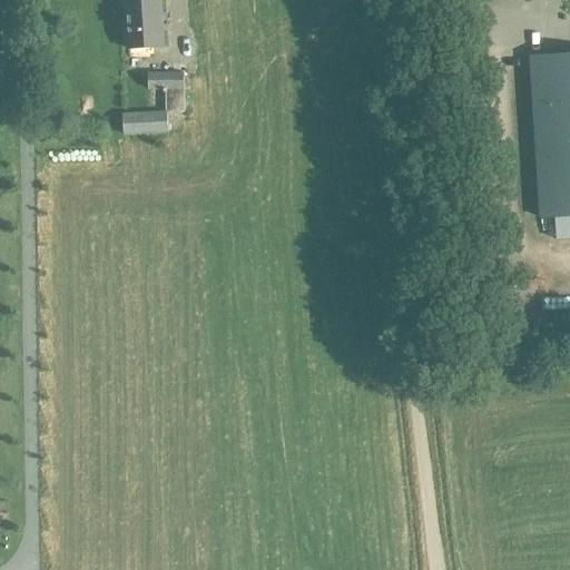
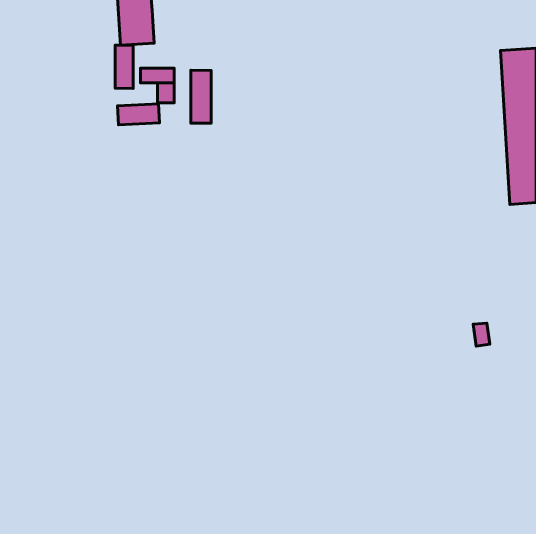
building: none -> [115,45,133,88]
building: none -> [191,70,211,123]

